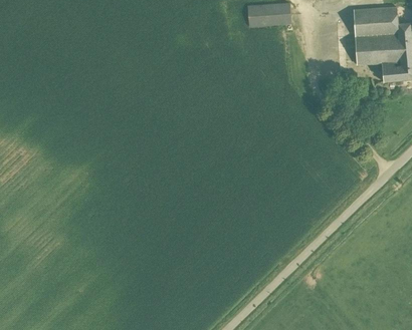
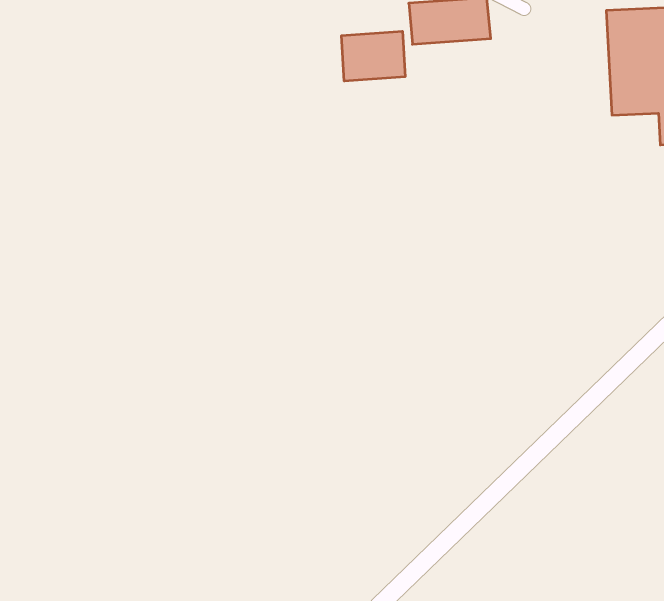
building: none -> [342,31,405,81]

